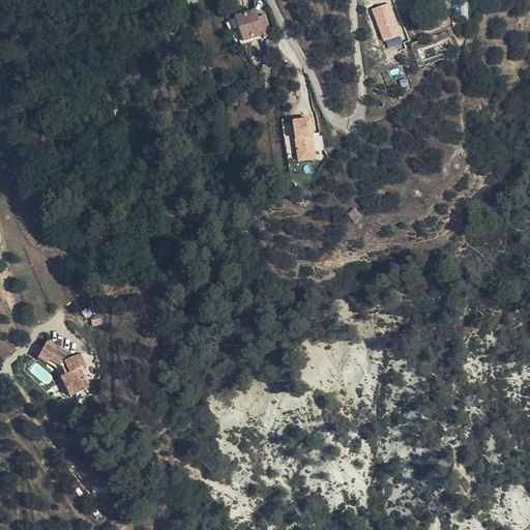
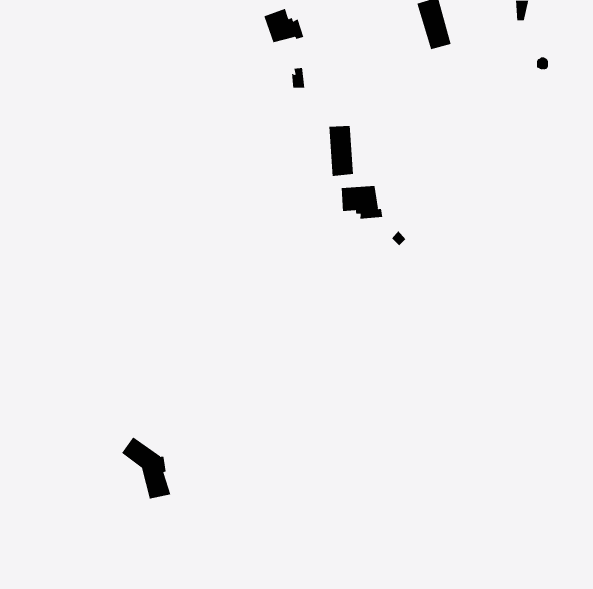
building: none -> [341,185,383,220]
building: [36,342,81,398] -> [121,437,171,499]

